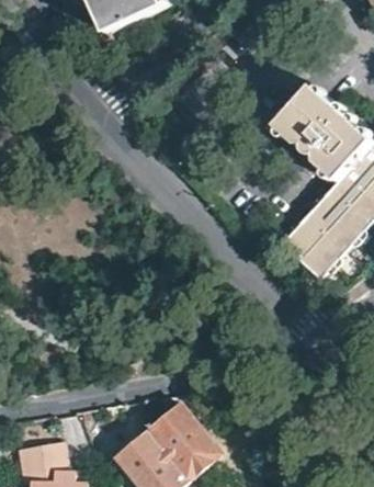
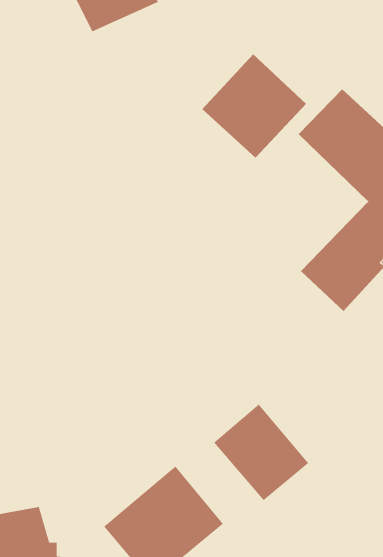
building: none -> [202,54,307,158]
building: none -> [213,403,309,501]

